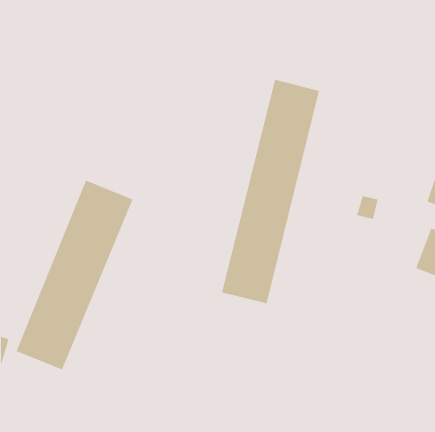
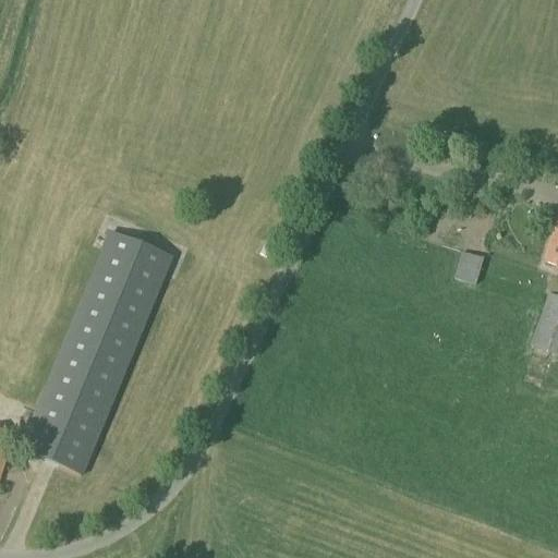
building: [221,79,320,304] -> none

